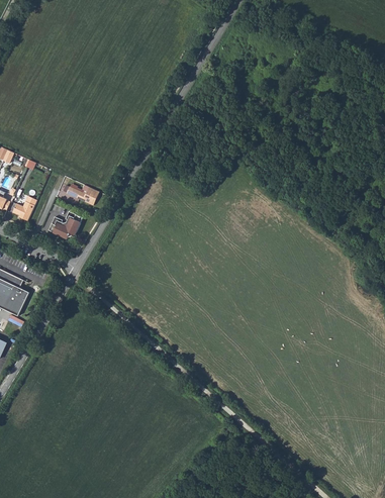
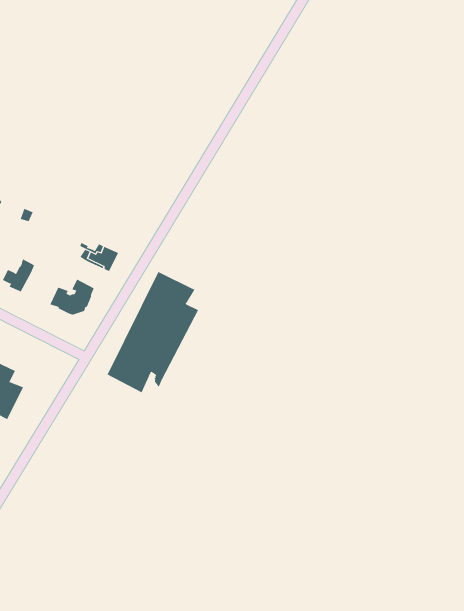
building: none -> [107,271,199,393]

